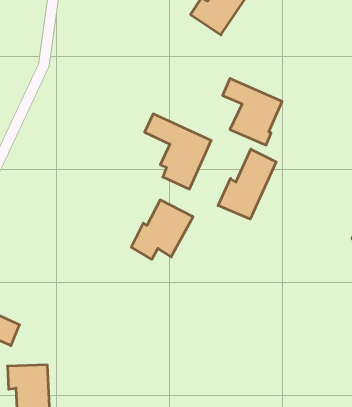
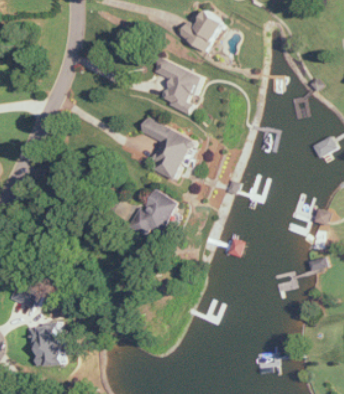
building: [223,78,282,145] -> [152,58,201,113]
building: [218,149,276,219] -> none

